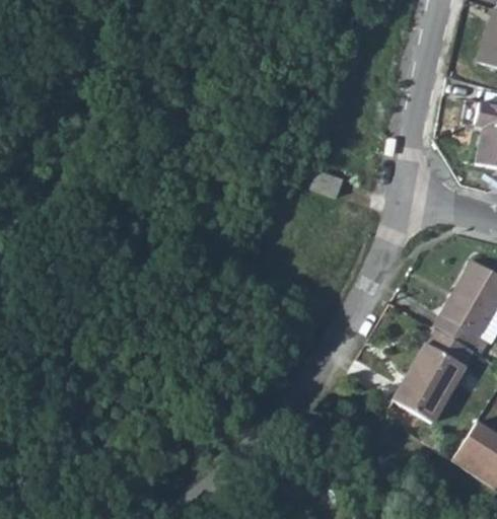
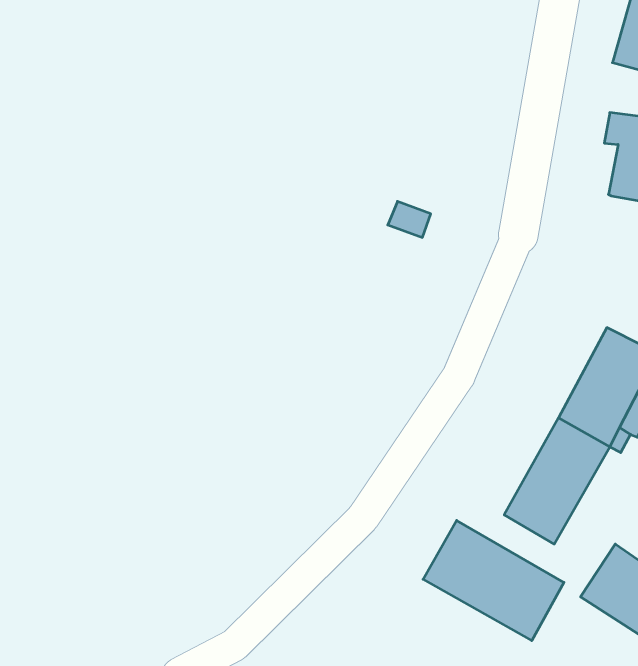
building: none -> [423,520,564,641]

